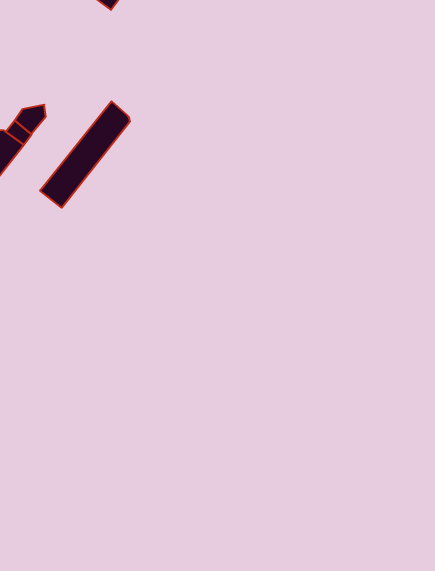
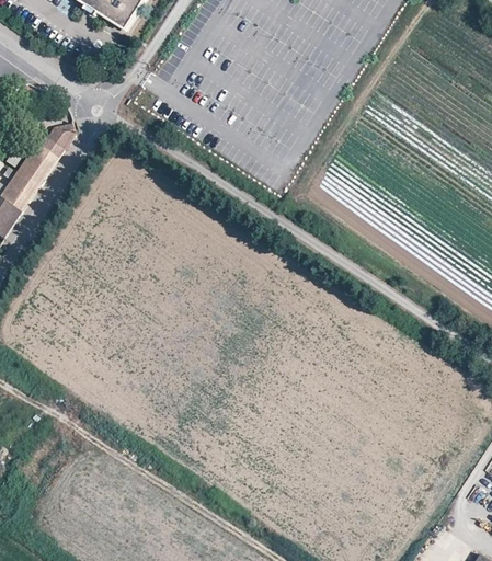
building: [40,101,130,208] -> none

